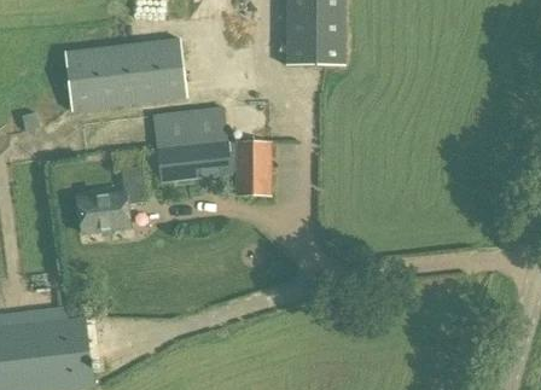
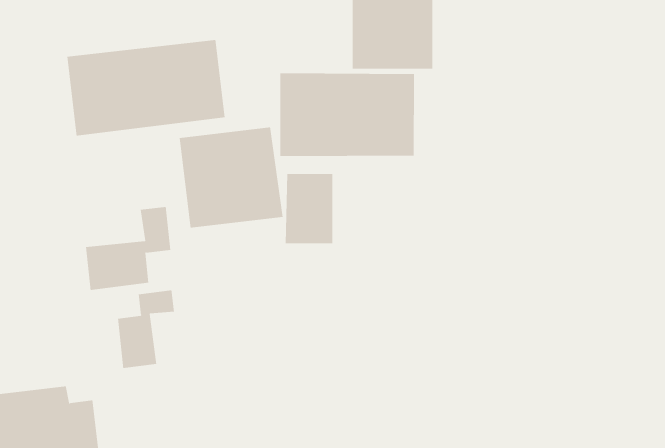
building: none -> [280,72,414,157]
building: none -> [118,289,175,369]

